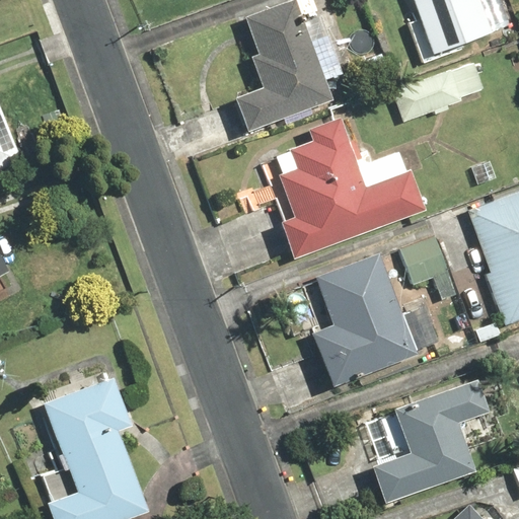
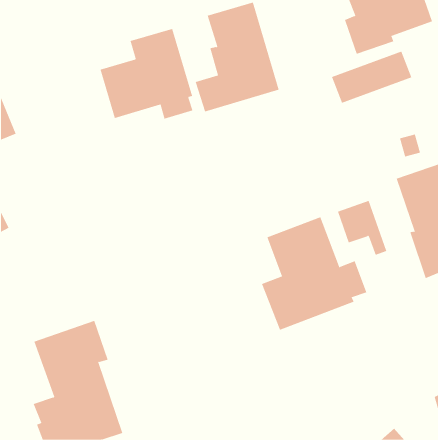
building: none -> [100,28,193,119]
building: [274,118,427,262] -> none
building: [362,378,494,503] -> none

